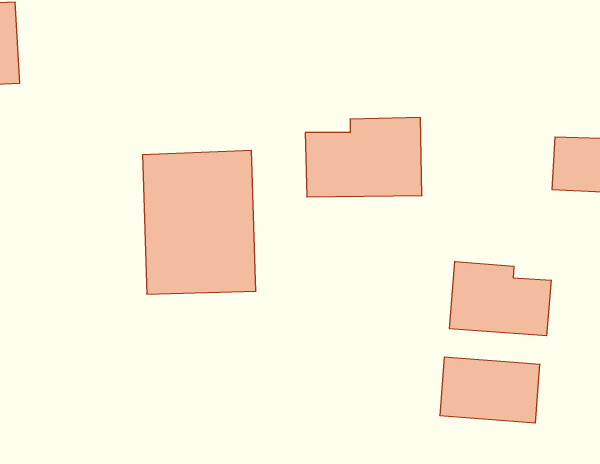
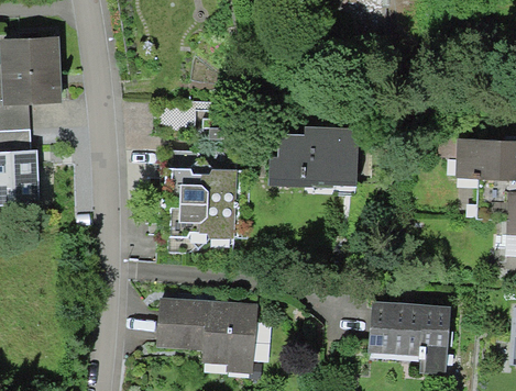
building: [450,261,551,336] -> none
building: none -> [157,299,253,367]

